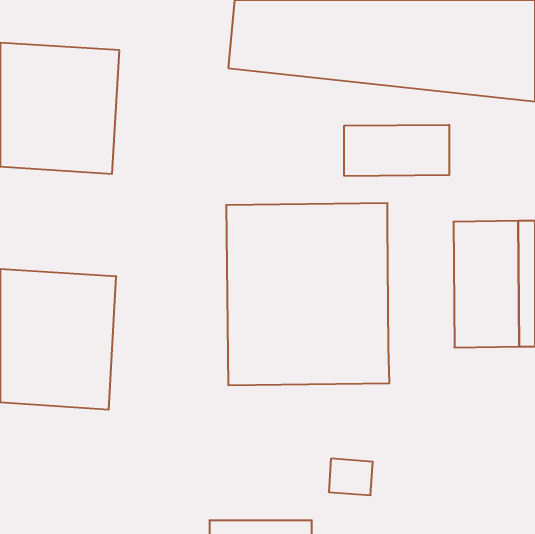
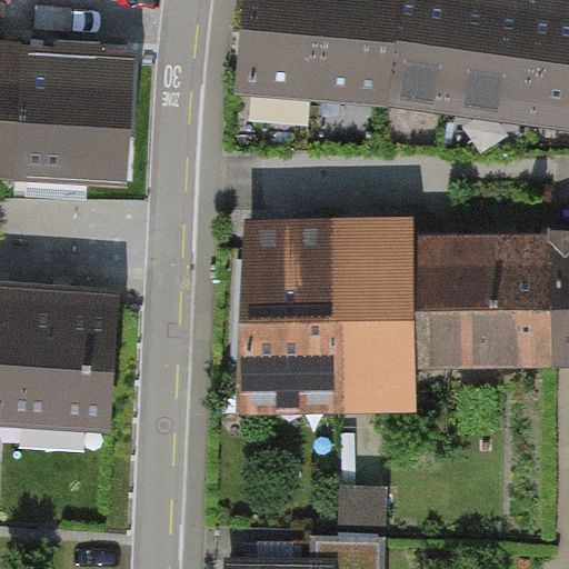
building: [344,125,449,176] -> none
building: none -> [411,237,482,370]

